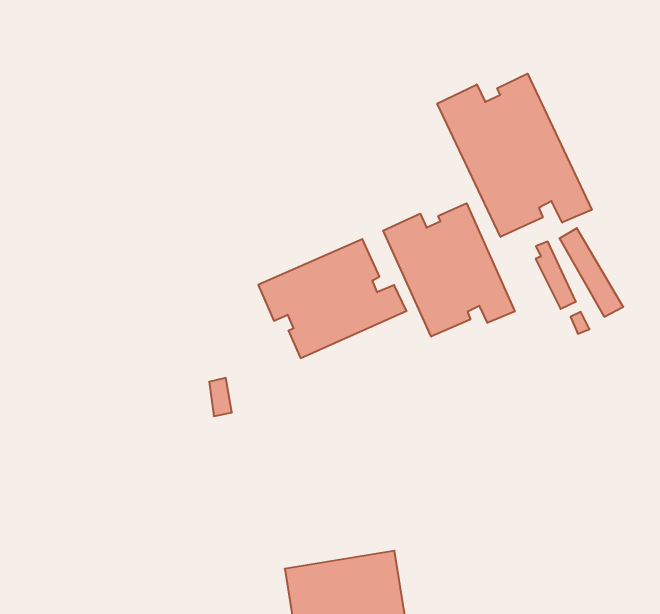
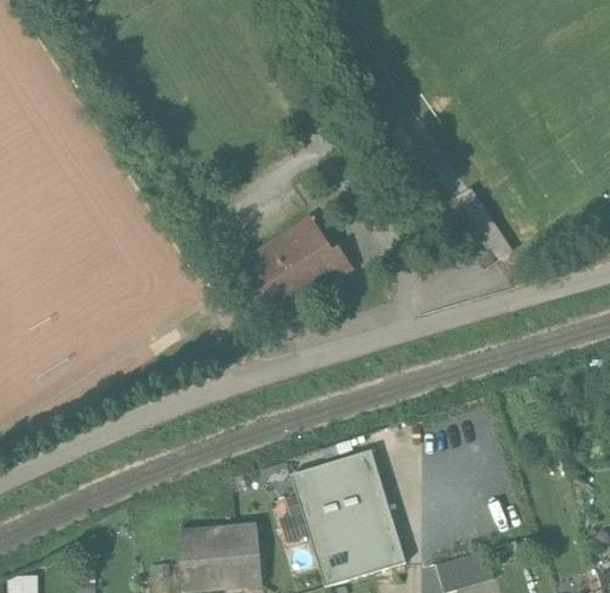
building: [437,74,592,237] -> none
building: [383,203,515,337] -> none

